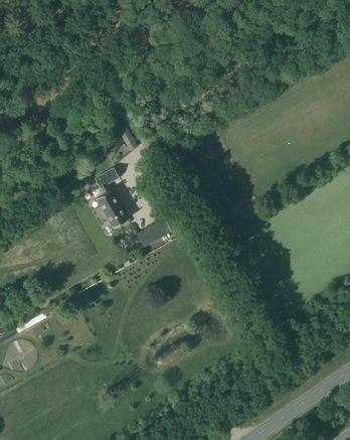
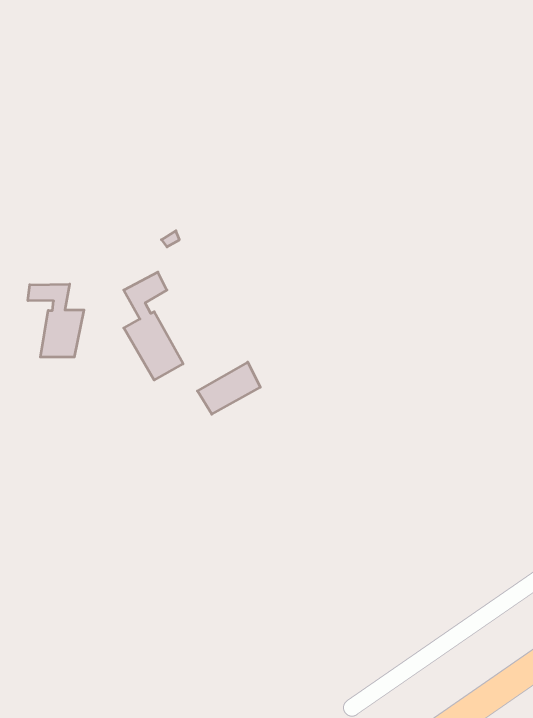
building: none -> [28,284,84,357]

